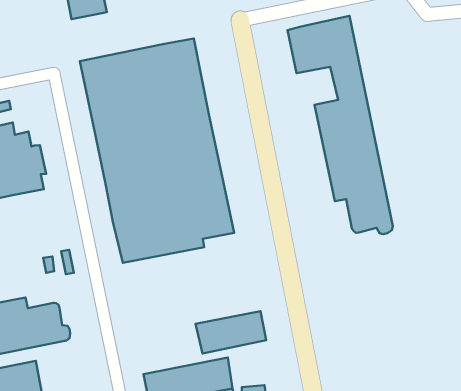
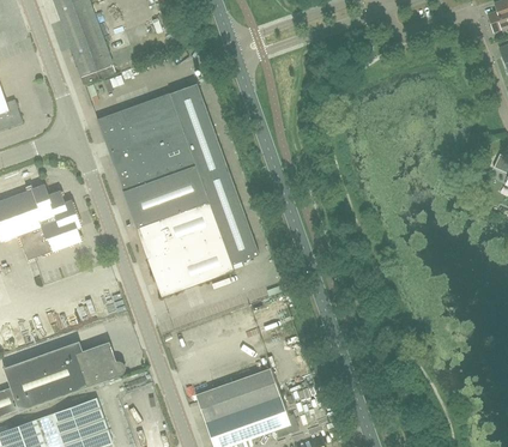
building: [288,16,393,234] -> none
building: [195,311,266,353] -> none

